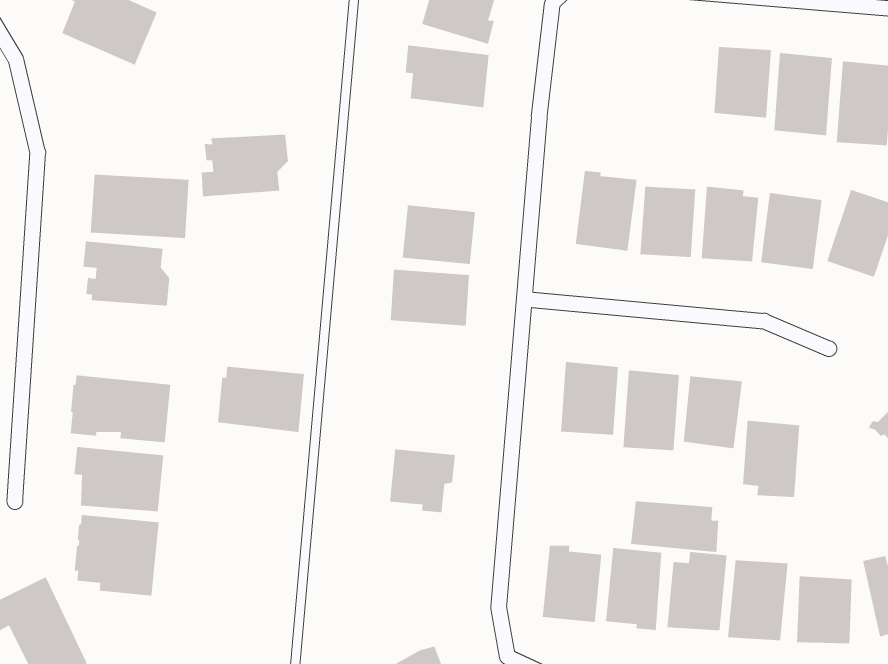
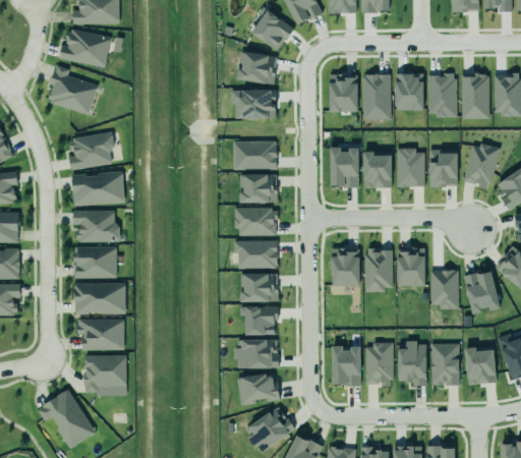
building: none -> [329,74,358,112]
building: none -> [362,74,391,119]
building: [201,134,289,197] -> [67,131,113,169]
building: none -> [233,140,277,169]
building: none -> [234,240,278,269]
building: [217,366,305,433] -> [71,245,115,277]
building: none -> [240,273,276,302]
building: none -> [462,267,500,310]
building: [630,500,719,553] -> none
building: none -> [235,340,278,368]
building: none -> [237,373,279,404]

